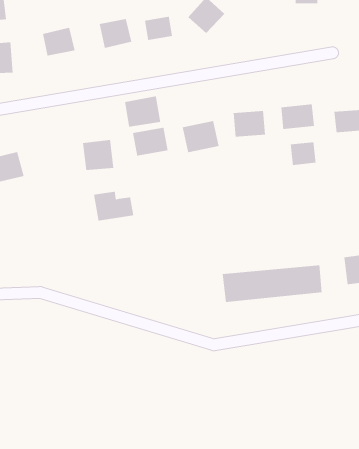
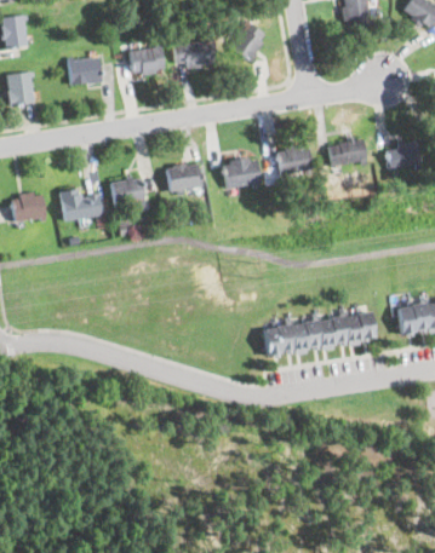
building: [125,96,161,128] -> none
building: [290,141,316,166] -> none
building: [93,191,134,221] -> [59,188,104,220]

